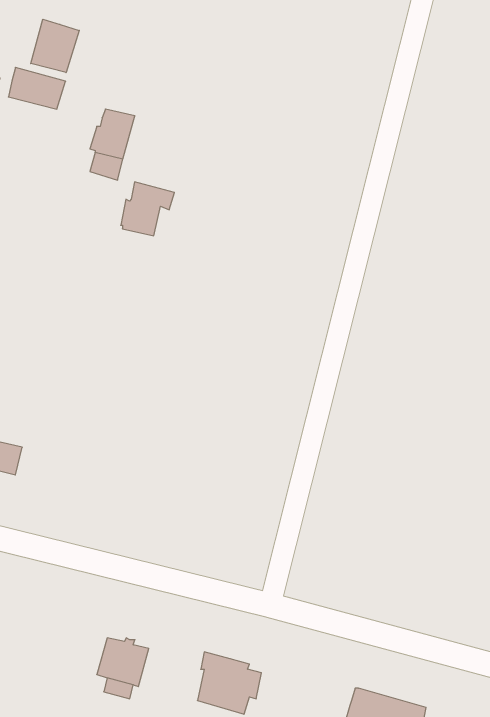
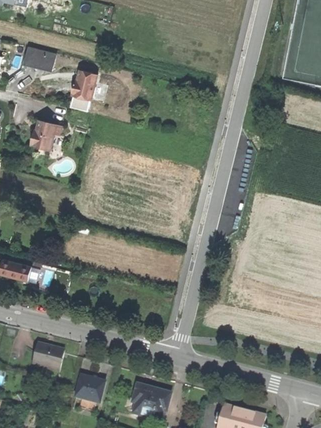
building: [31,19,79,73] -> none
building: [121,182,174,236] -> [30,119,61,150]
building: none -> [31,343,63,371]

